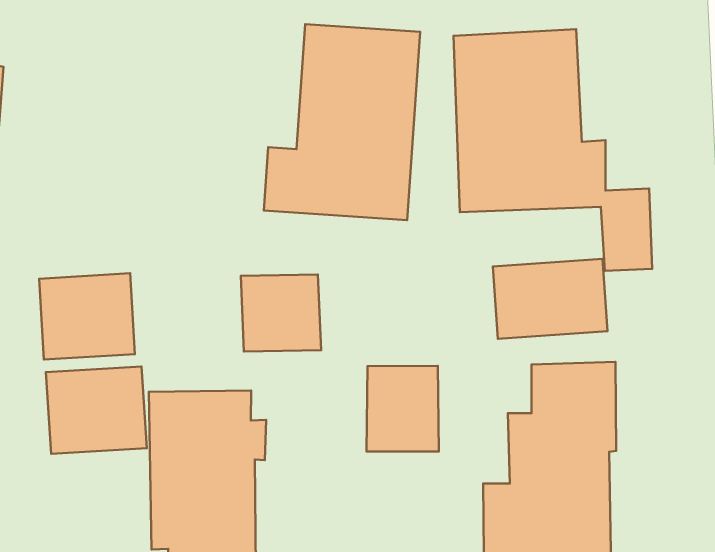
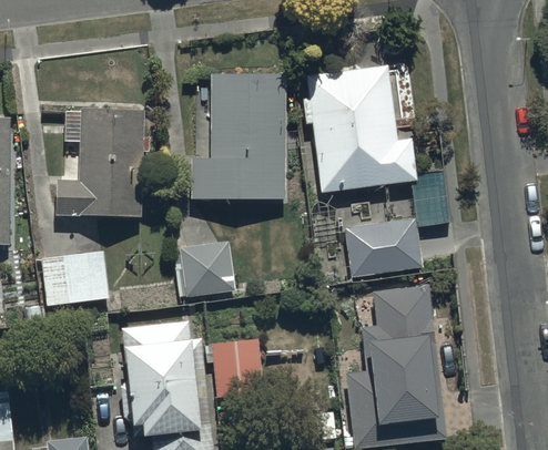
building: none -> [58,110,145,219]
building: [367,366,439,451] -> [212,339,263,399]
building: [46,366,147,454] -> none

